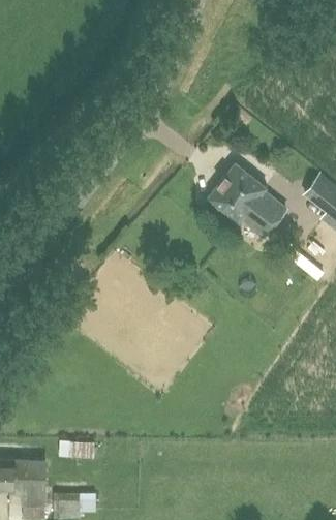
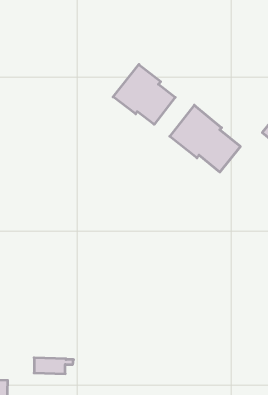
building: none -> [113,64,175,124]

